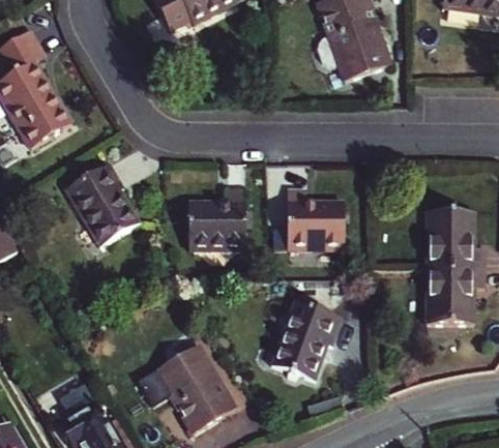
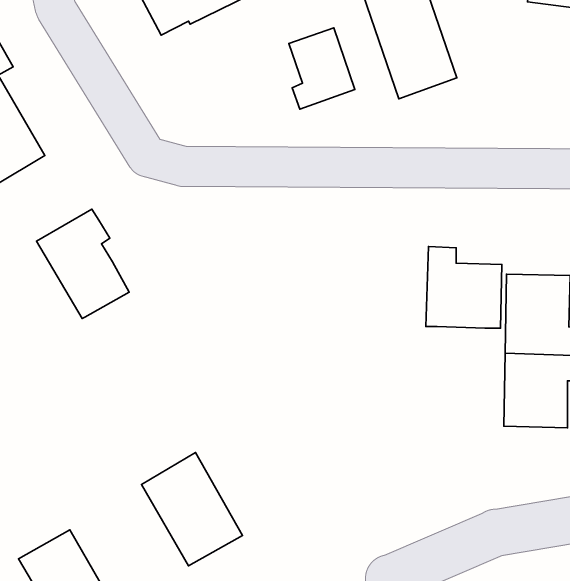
building: none -> [289,28,355,109]
building: [190,189,246,250] -> none
building: [287,191,344,252] -> [426,246,502,328]
building: [270,303,341,380] -> none

